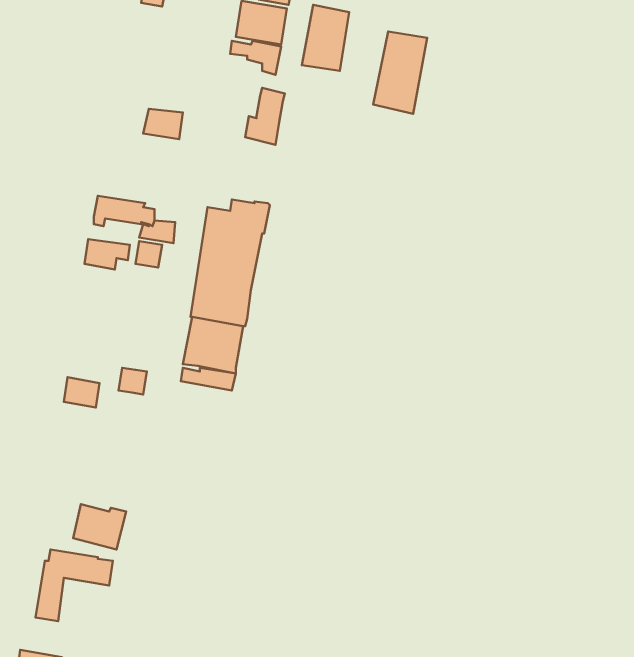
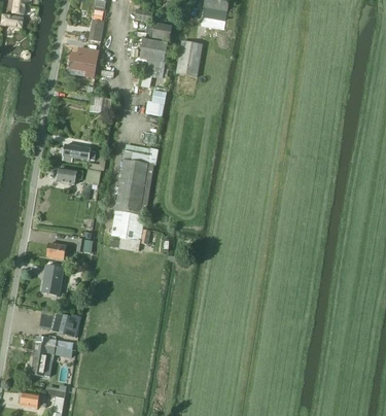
building: none -> [68,48,96,77]
building: [373,32,427,114] -> none
building: none -> [41,265,64,296]

